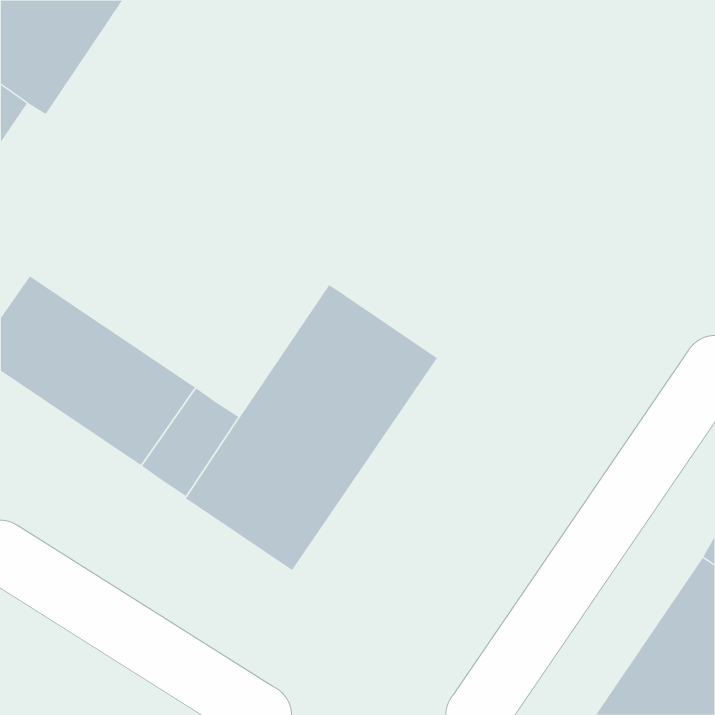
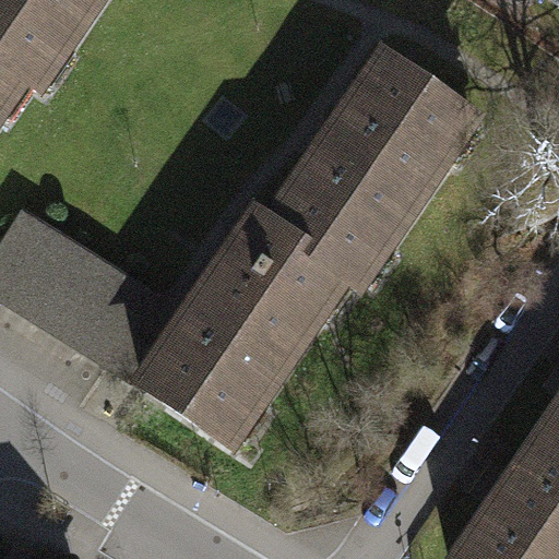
building: none -> [271,62,468,287]

